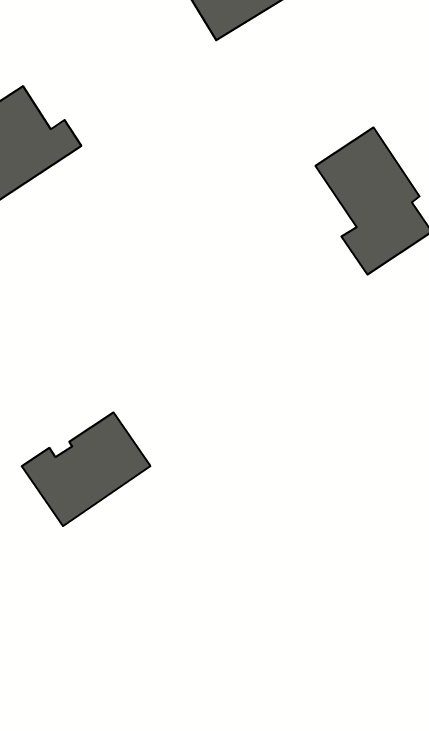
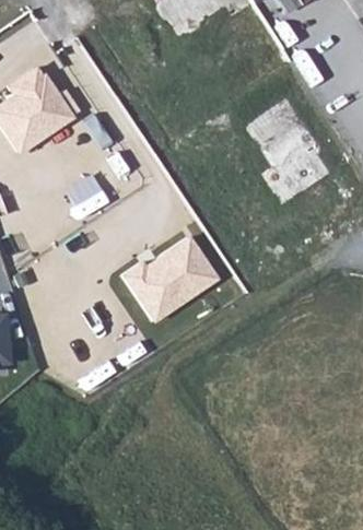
building: [22,413,150,526] -> [124,239,215,320]

